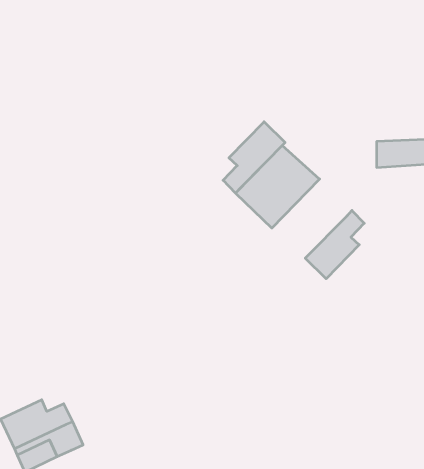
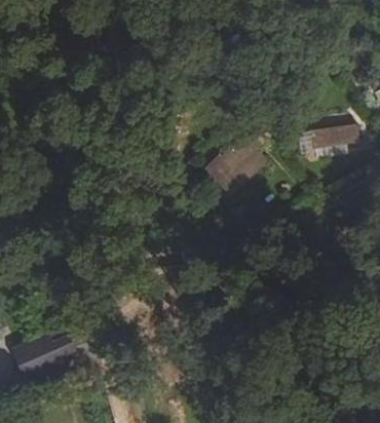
building: [223,122,285,193] -> none
building: [305,210,364,279] -> none

